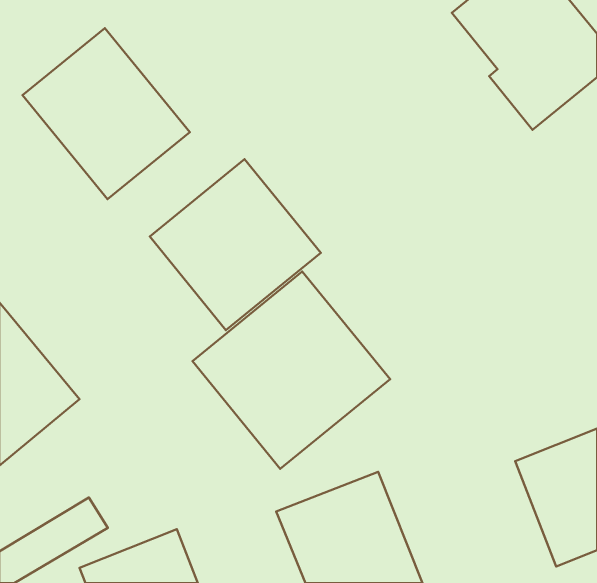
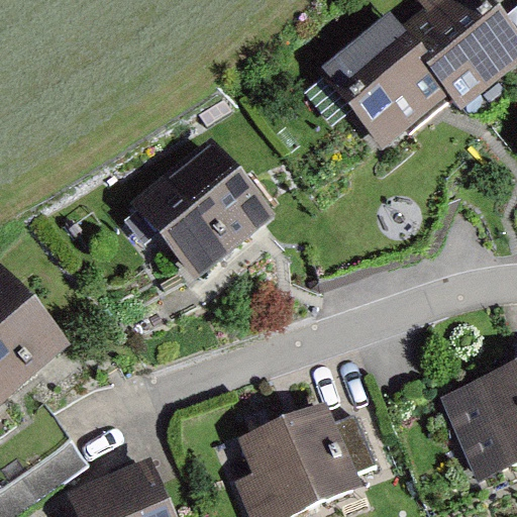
building: none -> [316,8,447,148]
building: [23,28,190,199] -> none
building: [192,271,390,469] -> none

